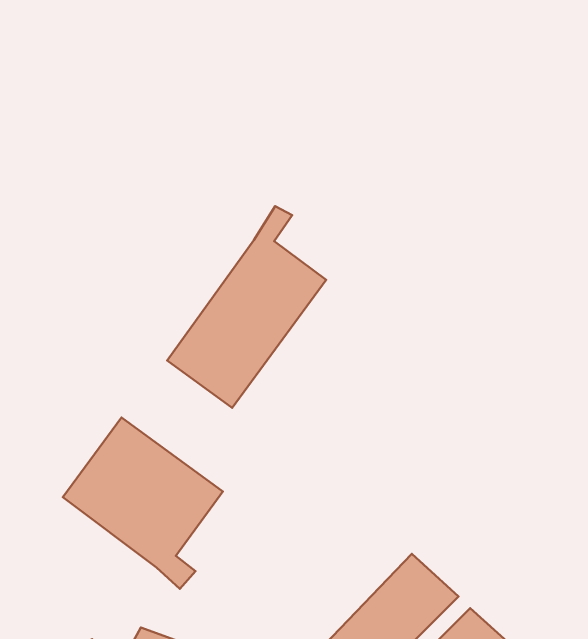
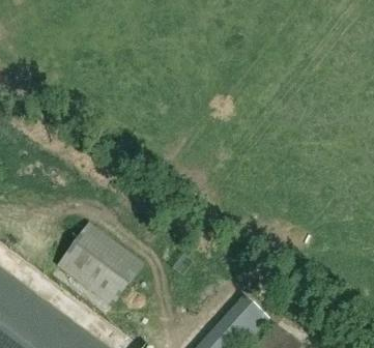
building: [167,206,326,408] -> none

